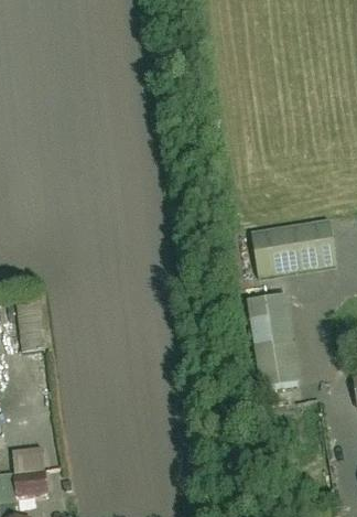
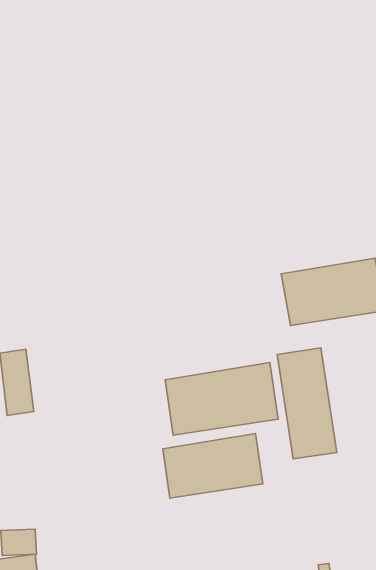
building: none -> [165,363,278,435]
building: none -> [163,434,263,498]

